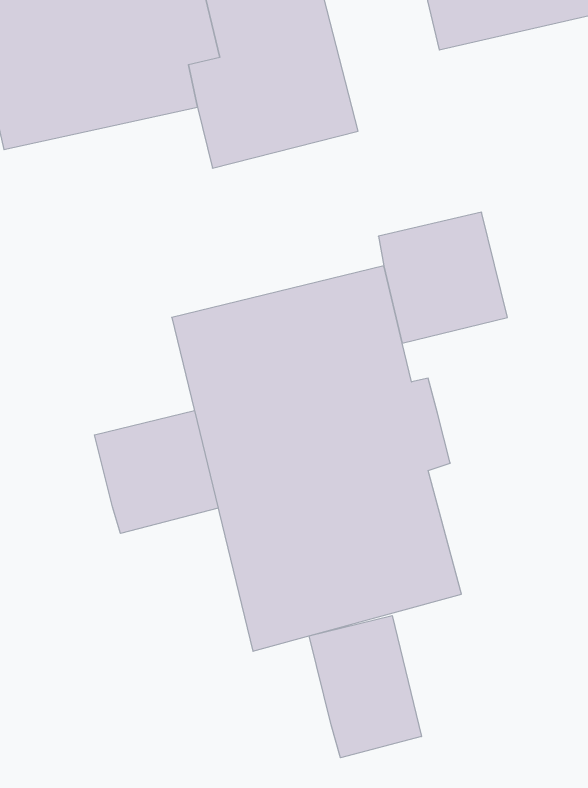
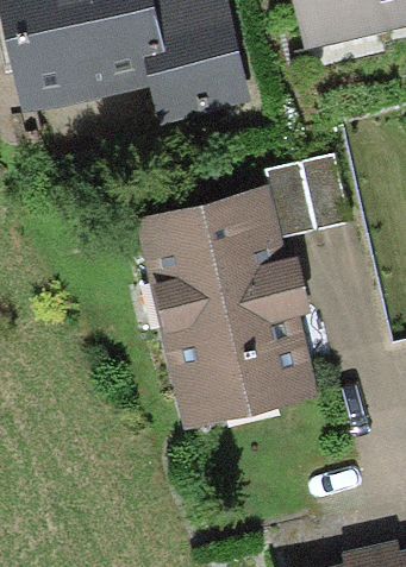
building: [94,411,218,533] -> none
building: [309,616,421,758] -> none

